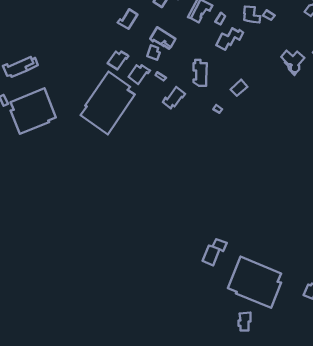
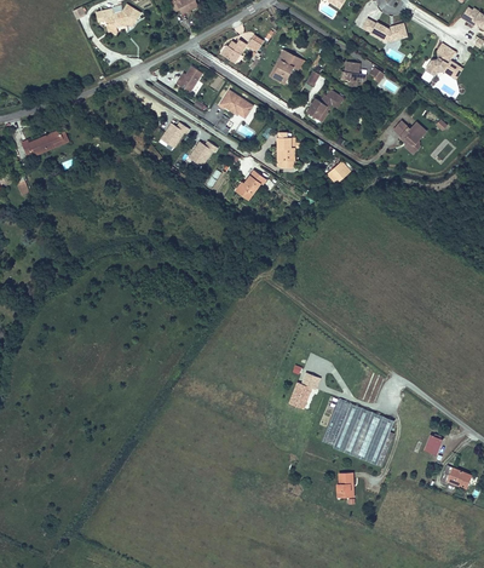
building: [81,71,135,134] -> none
building: [10,88,56,134] -> none

